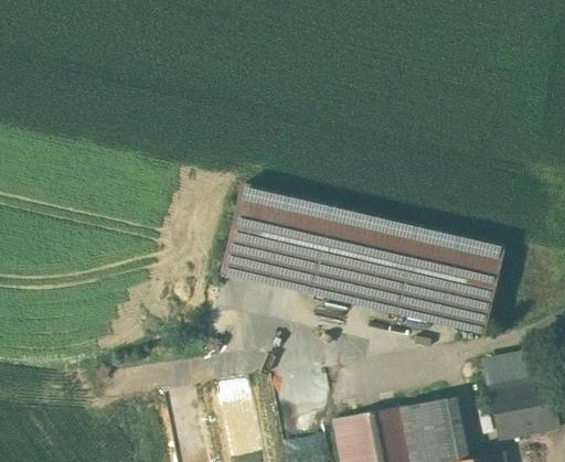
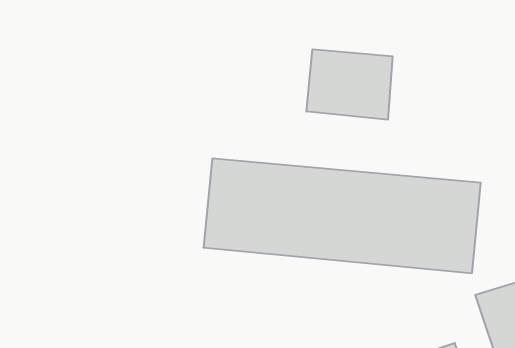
building: none -> [306,49,393,120]

